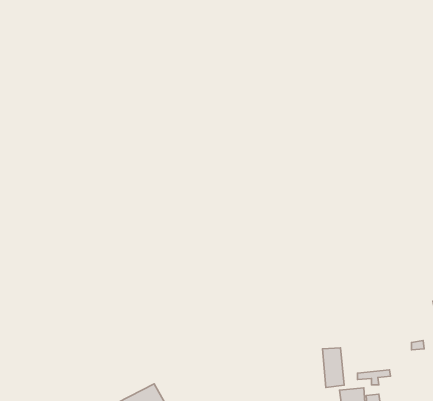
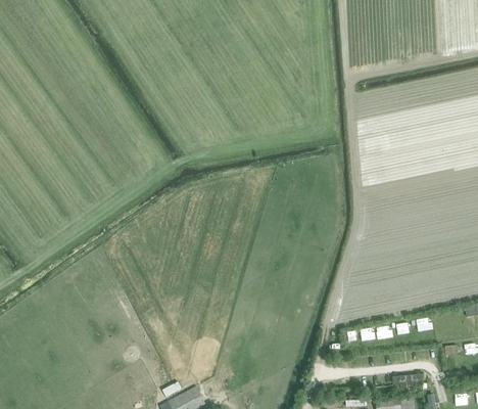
building: [323,348,344,388] -> none

